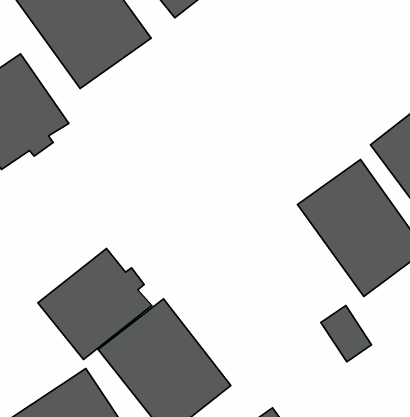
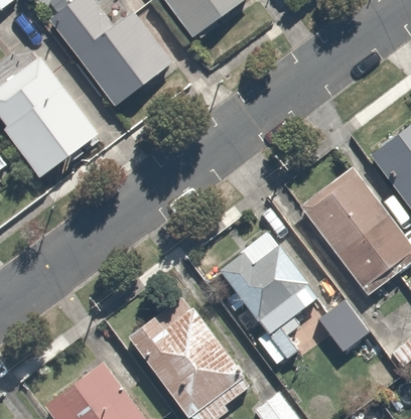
building: none -> [217,231,321,337]
building: [38,249,152,359] -> none

